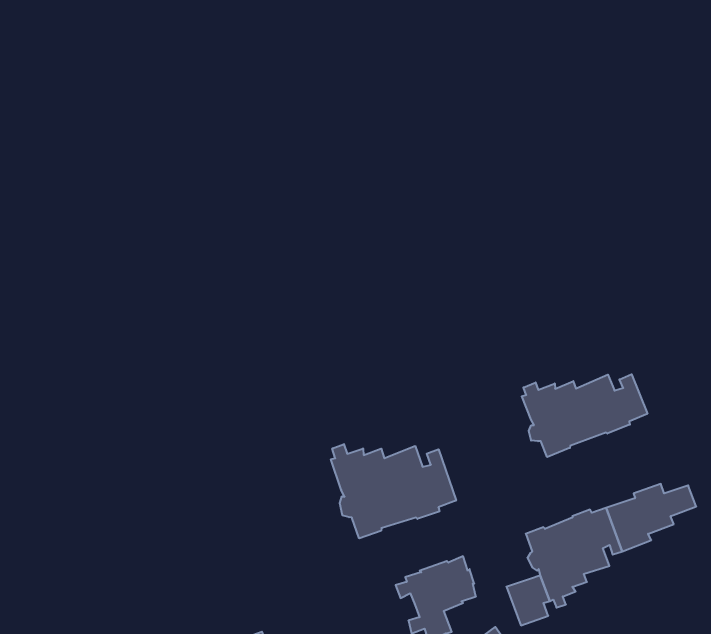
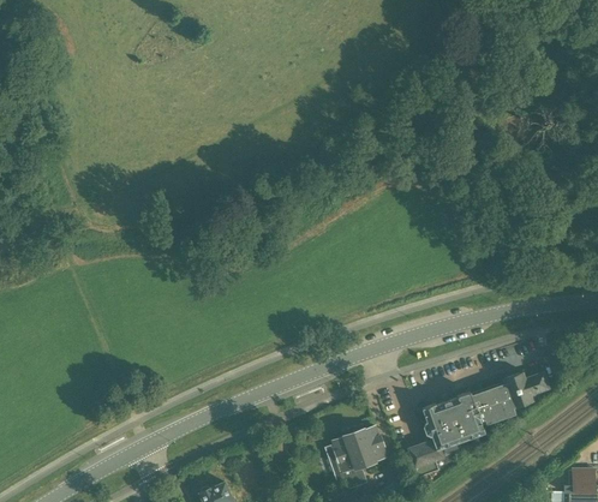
building: [522,374,647,457] -> none
building: [331,444,456,538] -> none

